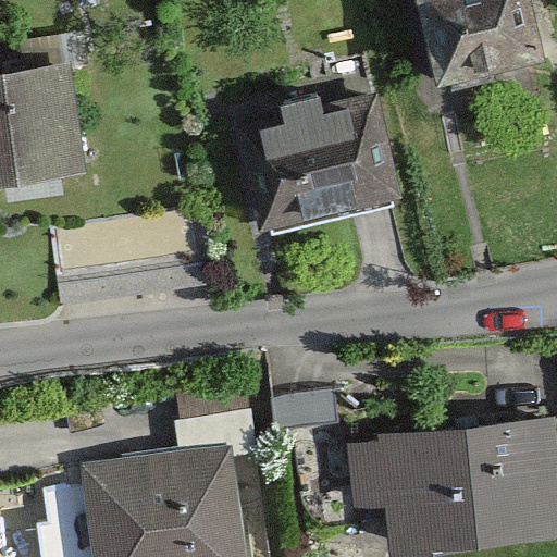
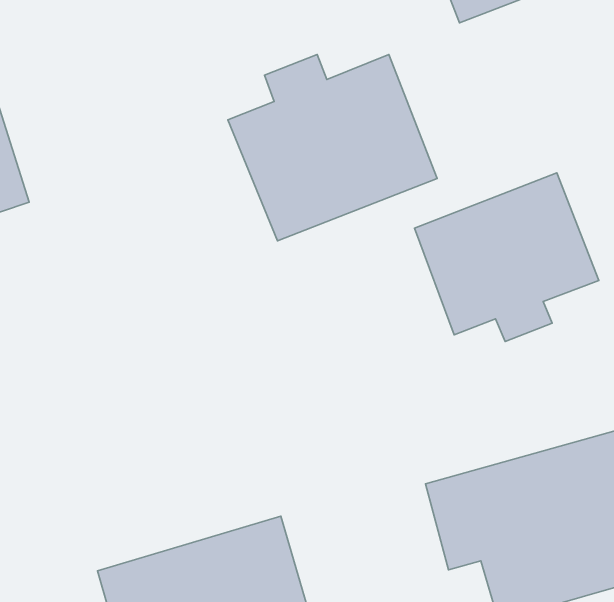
building: none -> [415,173,599,341]

